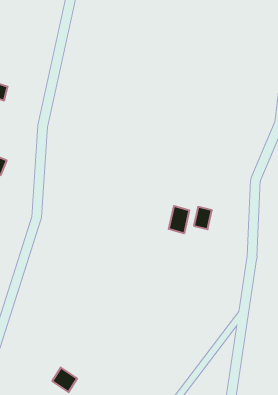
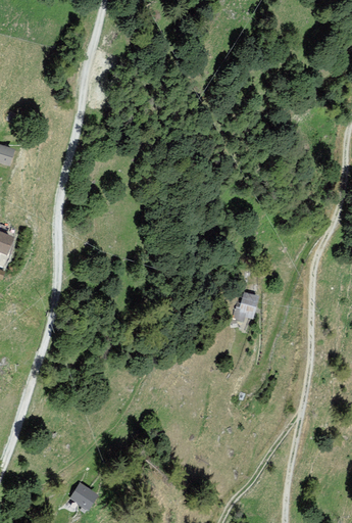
building: [169,206,189,233] -> none

